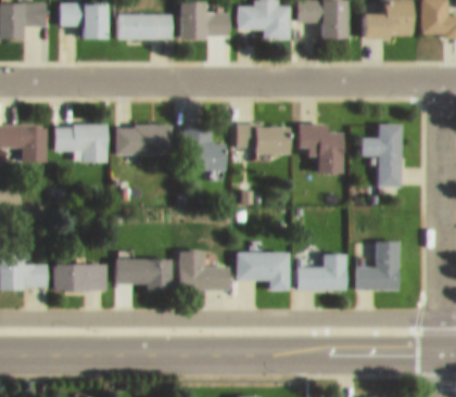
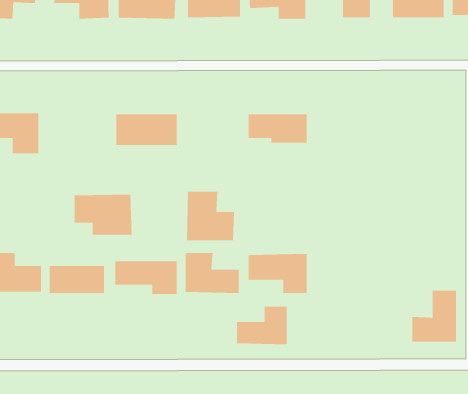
building: [300,124,344,172] -> none
building: [362,124,402,185] -> none
building: [54,125,107,163] -> [74,194,132,235]
building: [182,125,227,170] -> [186,191,235,241]
building: [355,242,396,290] -> [412,290,457,342]
building: [296,254,343,290] -> [236,306,288,345]

